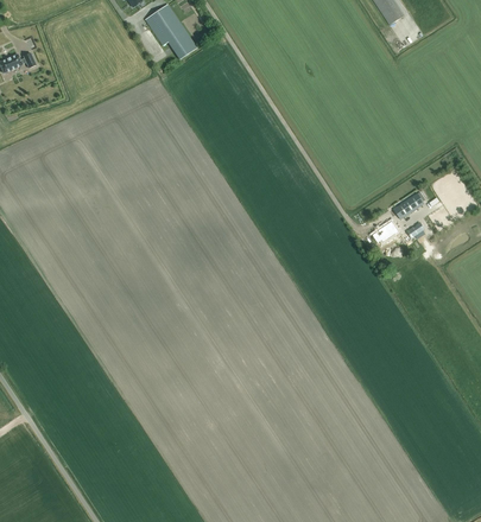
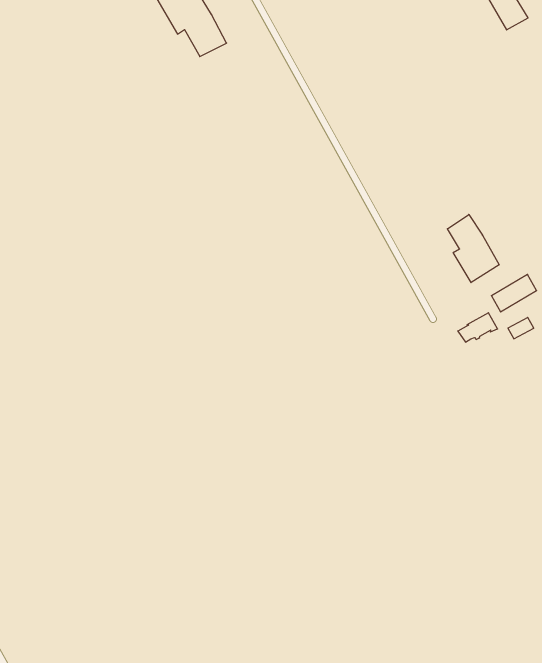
building: none -> [447,214,499,283]

